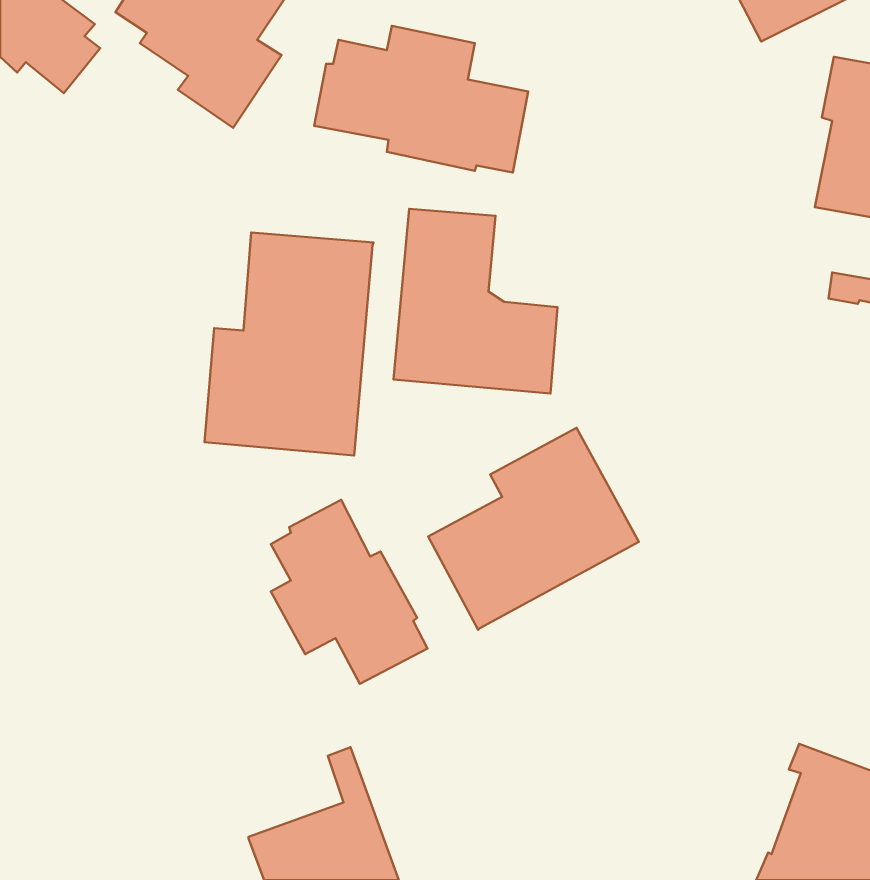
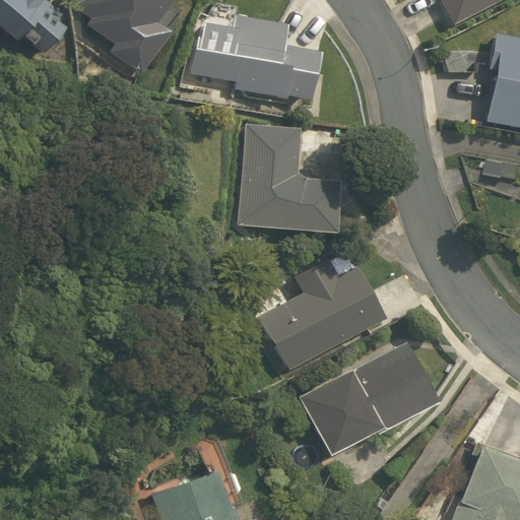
building: [204,233,373,455] -> none
building: [271,500,427,684] -> none
building: none -> [300,342,438,458]

